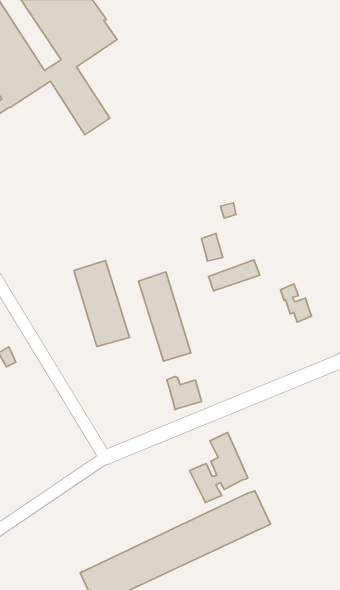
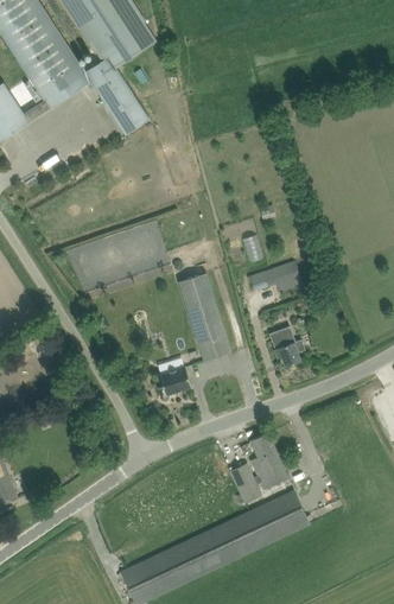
building: [74,261,129,347] -> none
building: [281,284,312,322] -> [268,328,299,365]
building: [167,377,201,410] -> [157,362,191,395]

